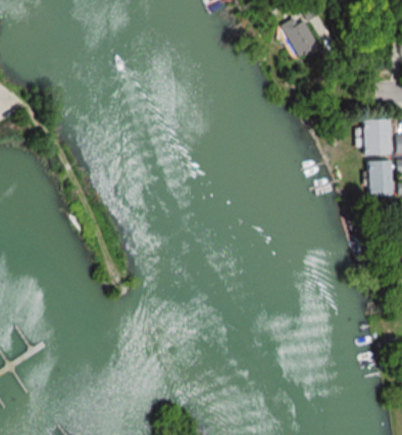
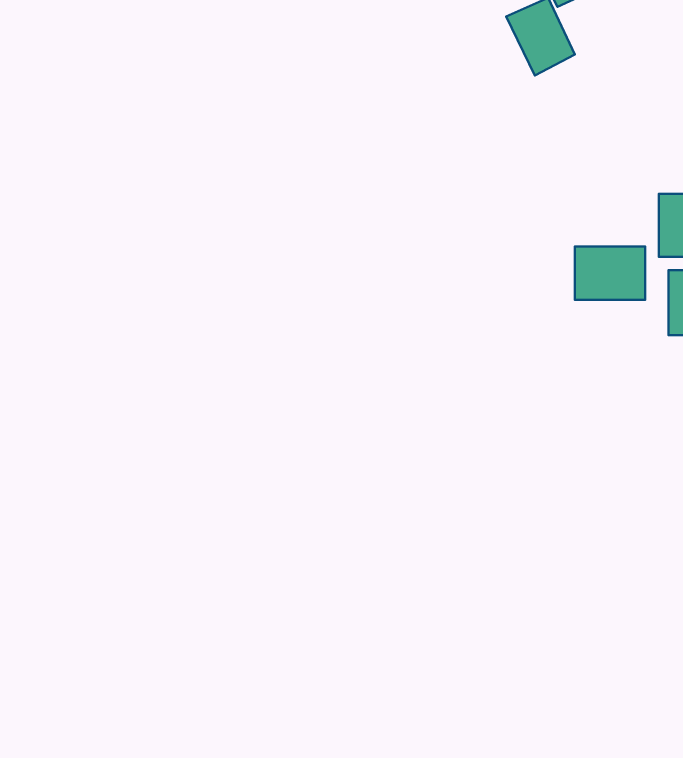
building: none -> [575,246,645,300]

